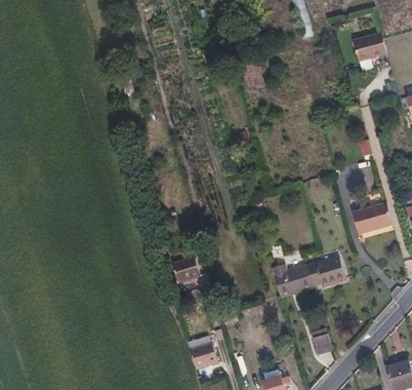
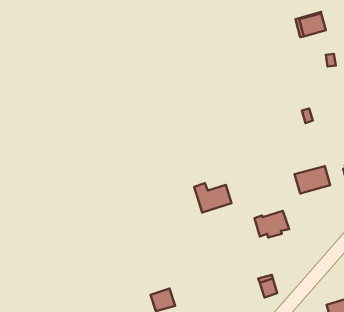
building: [172,258,200,283] -> none
building: [271,263,313,296] -> [194,183,231,212]

